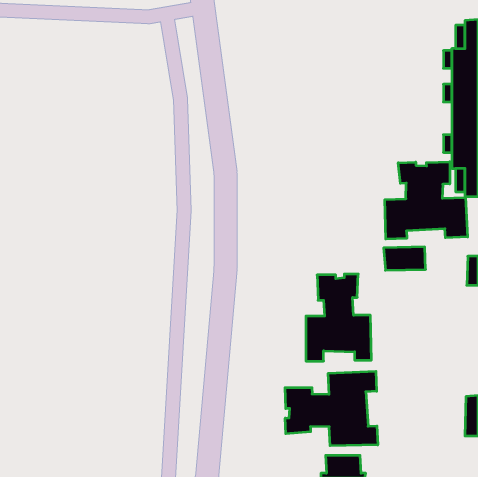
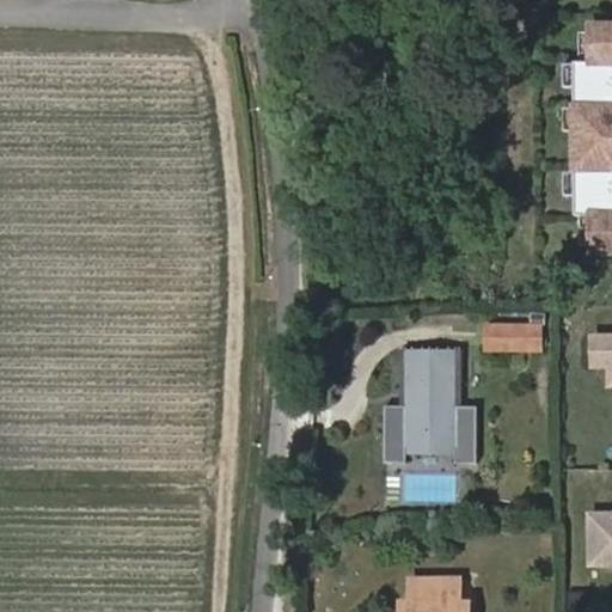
building: [385,162,468,239] -> none
building: [285,371,378,446] -> none

